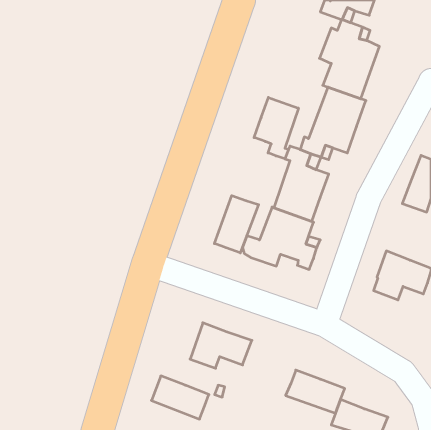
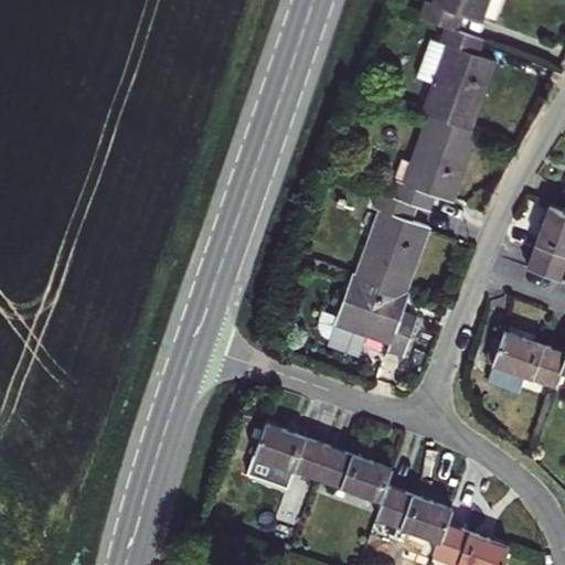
building: [254,97,298,159] -> none
building: [214,196,259,253] -> none
building: [151,376,209,419] -> [317,447,392,503]

